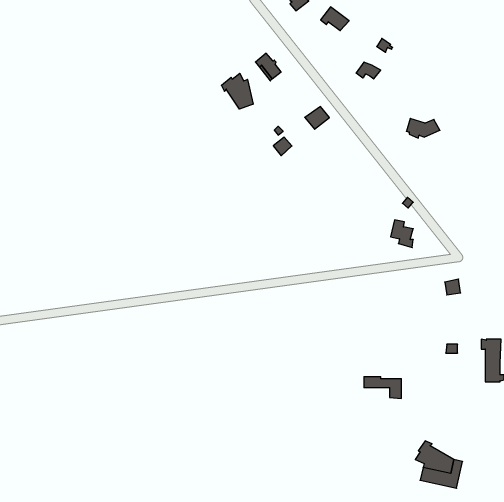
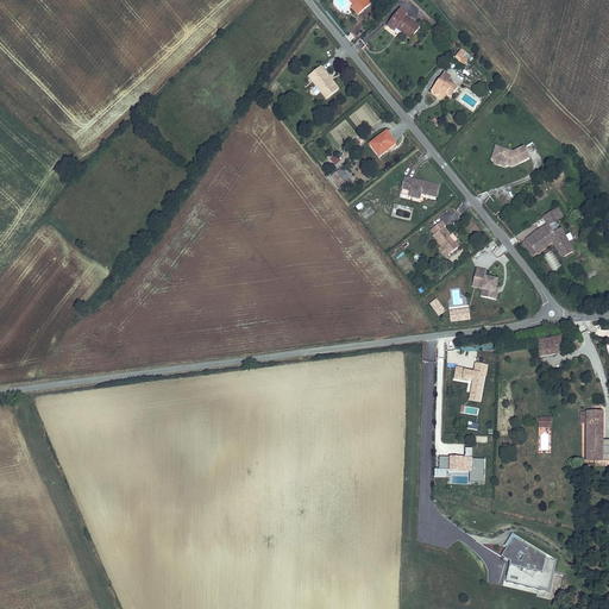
building: [221,73,253,109] -> none
building: none -> [401,174,440,197]
building: none -> [521,206,575,256]
building: none -> [431,219,460,256]
building: none -> [454,362,488,400]

